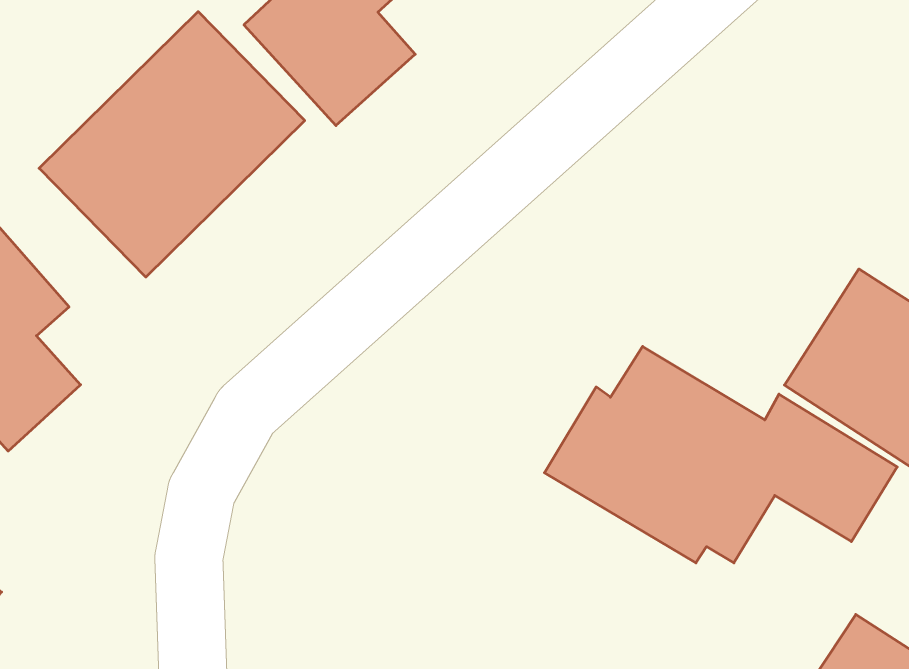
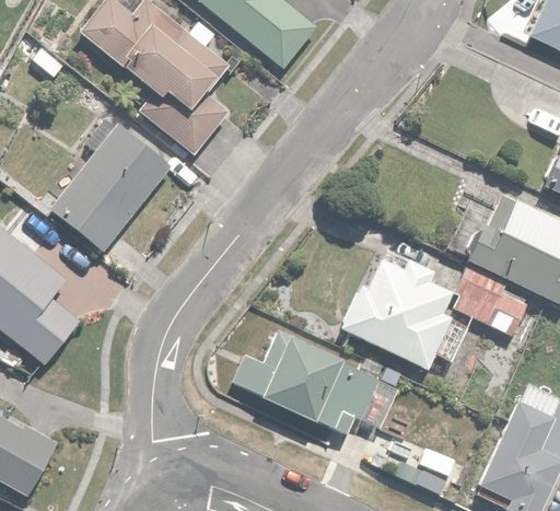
building: none -> [230,330,399,433]

